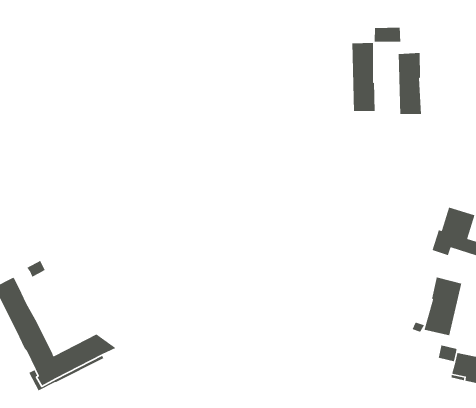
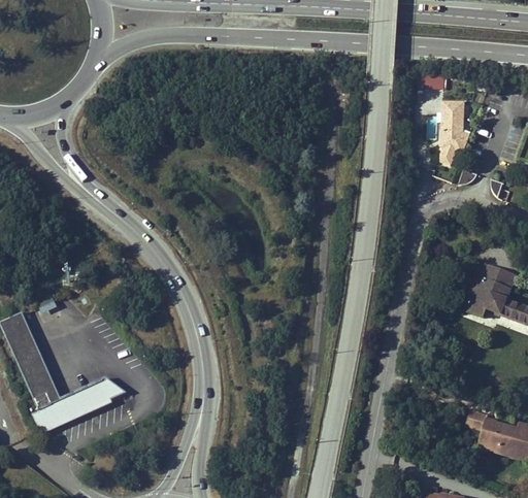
building: [351,42,376,112] -> none
building: [424,276,462,336] -> none

